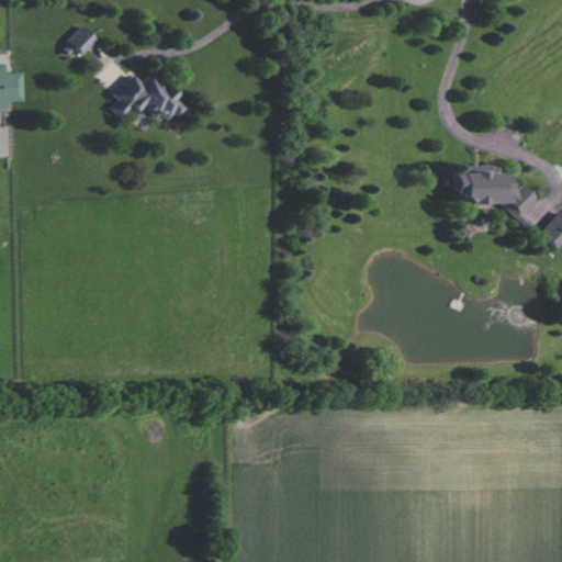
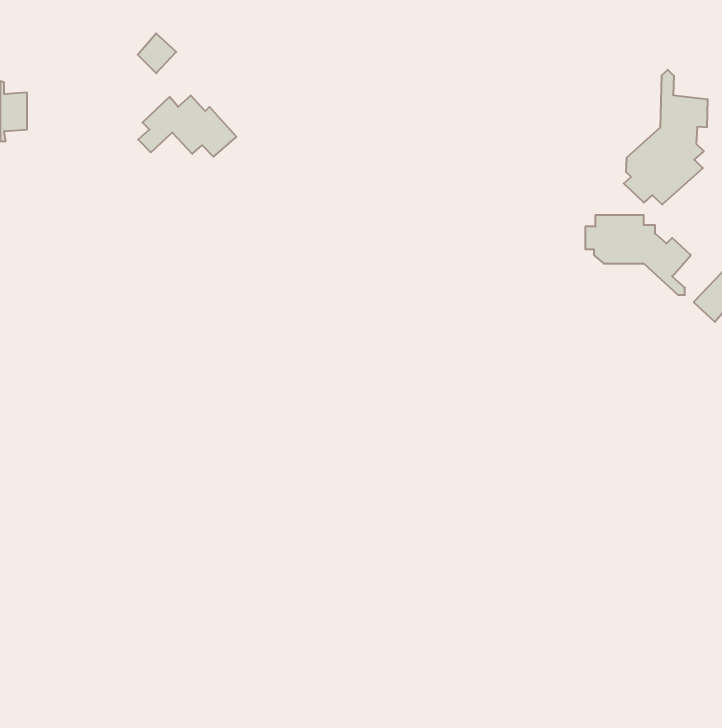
building: [69,24,99,55] -> [138,33,176,73]
building: none -> [624,70,707,205]

